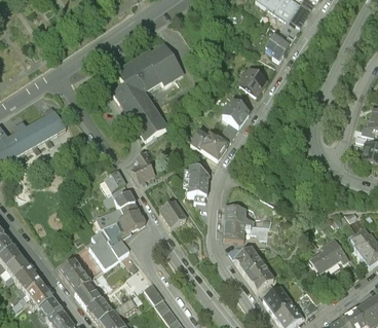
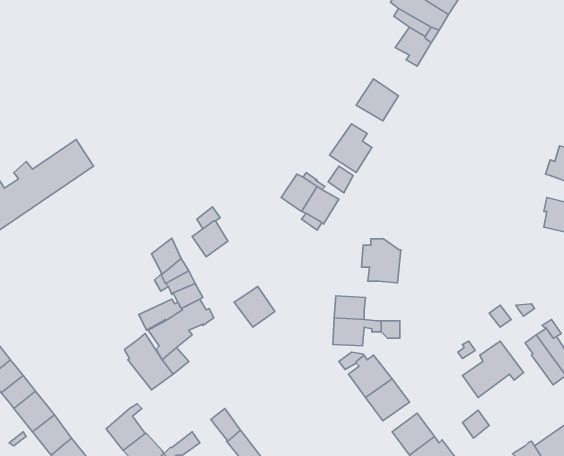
building: [114,39,184,137] -> none
building: [183,169,209,197] -> [362,239,401,283]
building: [59,262,90,296] -> none

